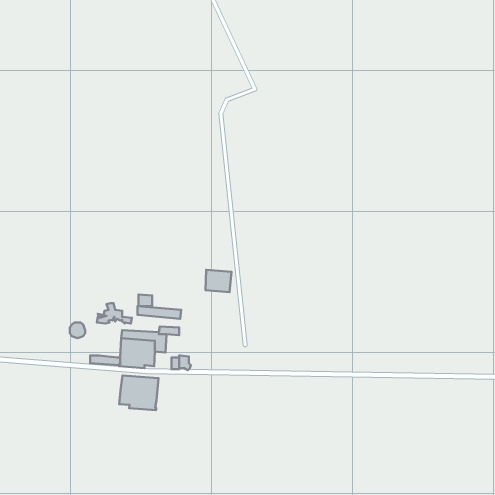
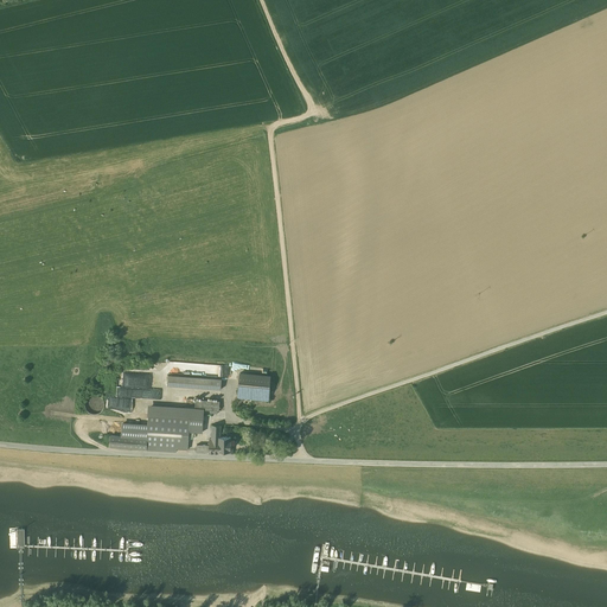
building: [205,270,231,292] -> [238,372,270,400]
building: [119,376,159,410] -> none

